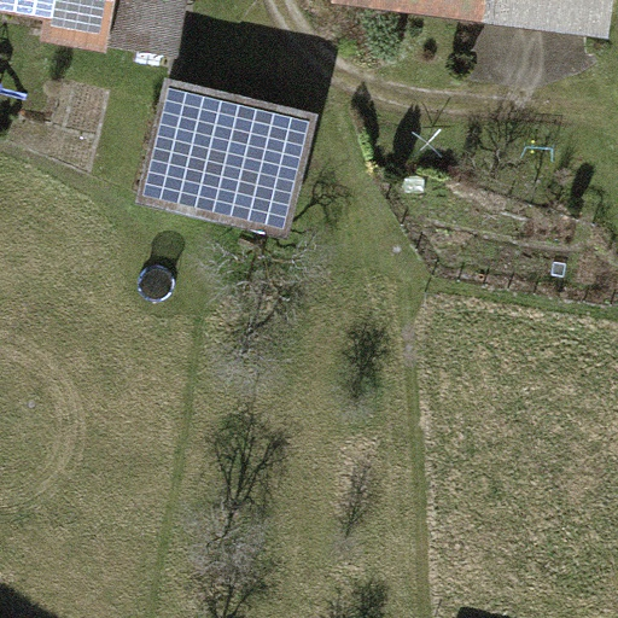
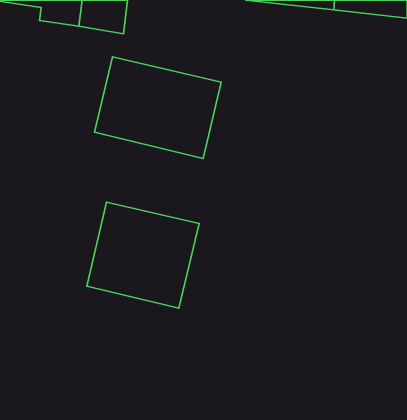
building: none -> [87,202,199,308]

